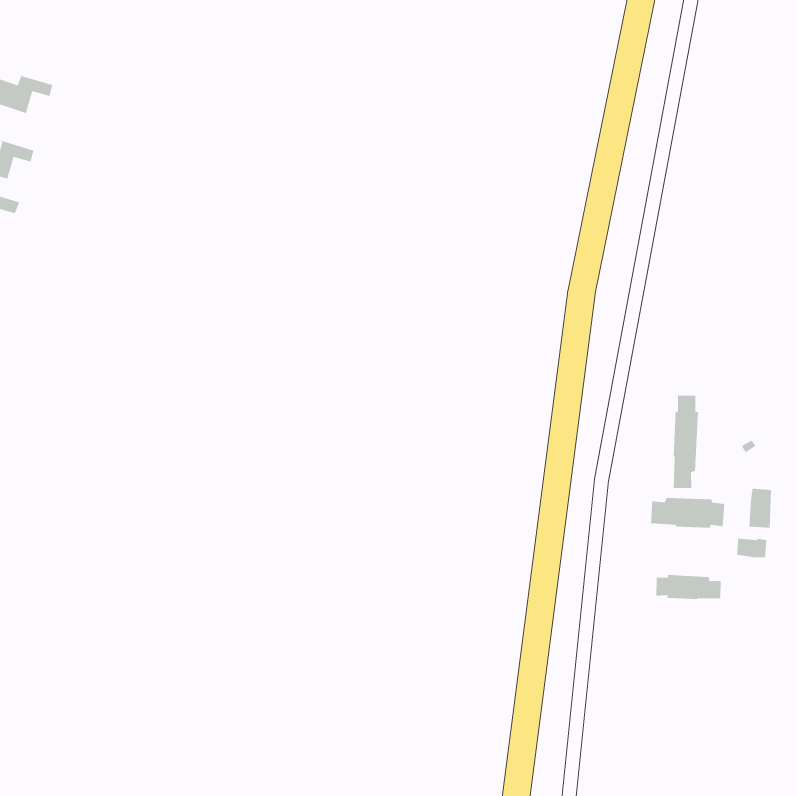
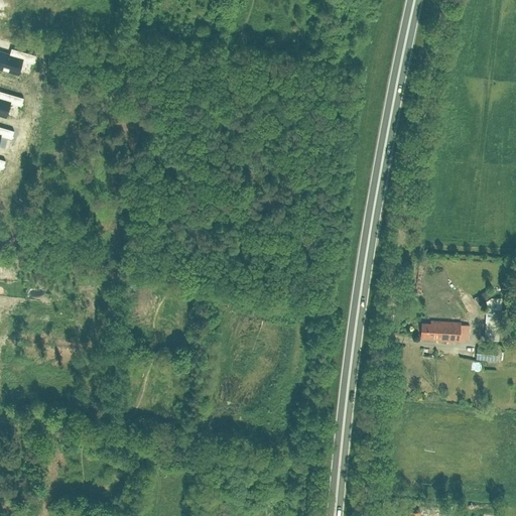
building: [673,395,699,489] -> none
building: [655,574,722,600] -> none

